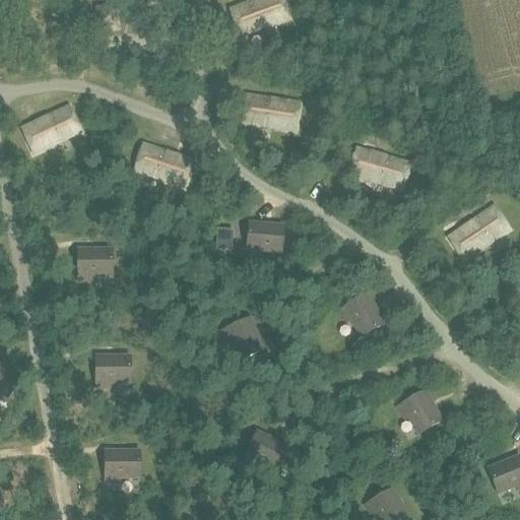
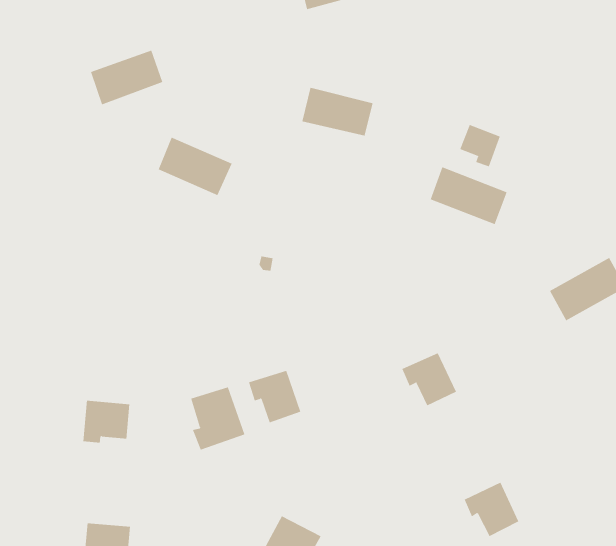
building: [22,105,80,151] -> [90,50,163,105]
building: none -> [459,124,500,167]
building: [247,220,283,255] -> none
building: [77,247,113,278] -> none
building: none -> [191,386,245,450]

